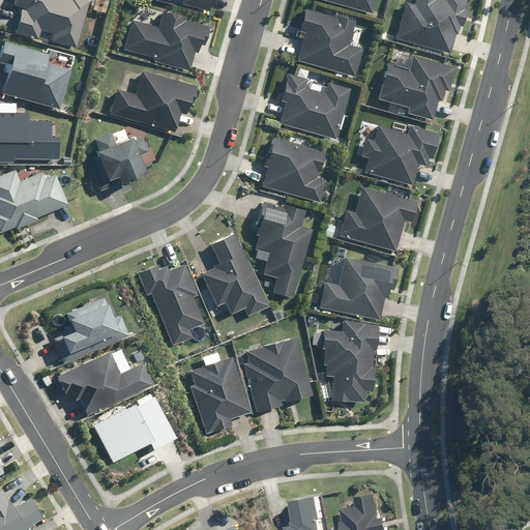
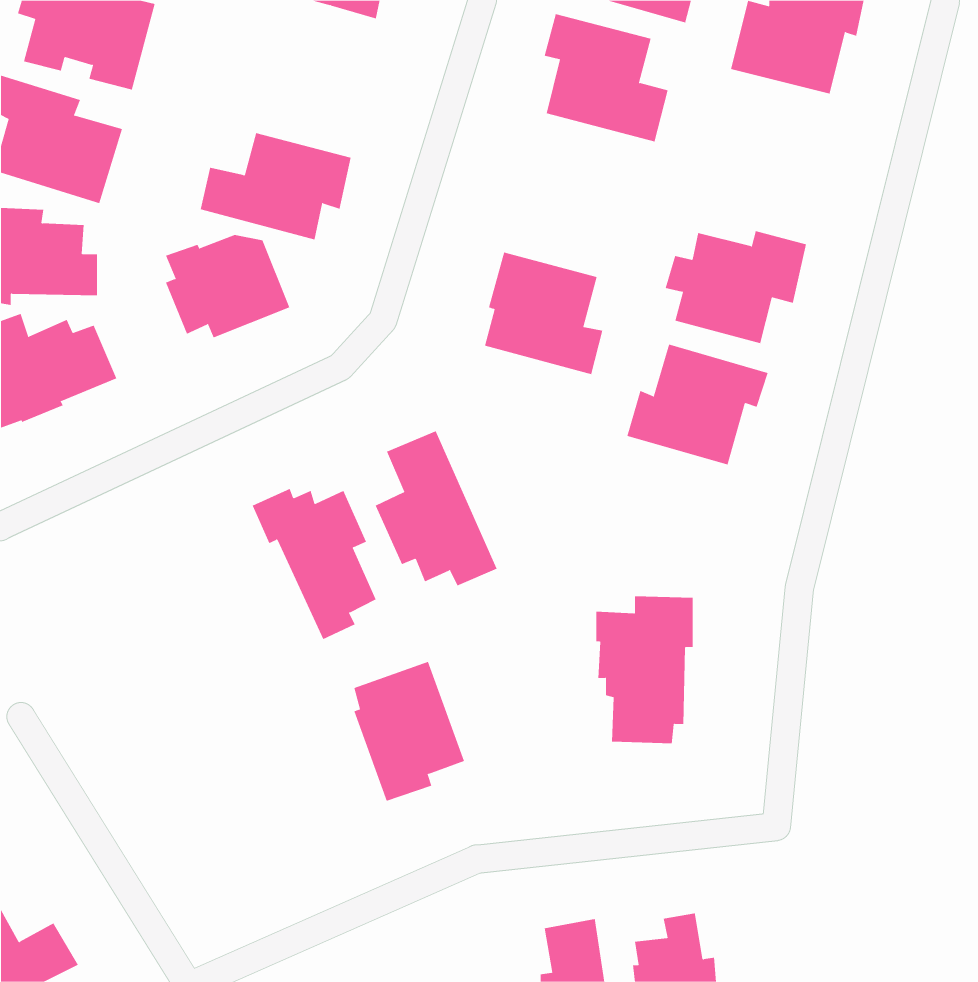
building: [124,13,206,70] -> none
building: [379,55,454,119] -> none
building: [279,72,349,139] -> none
building: [254,199,311,296] -> none
building: [322,256,398,319] -> none
building: [54,294,125,361] -> none
building: [244,336,315,410] -> none
building: [55,350,153,418] -> none
building: [91,391,181,462] -> none

